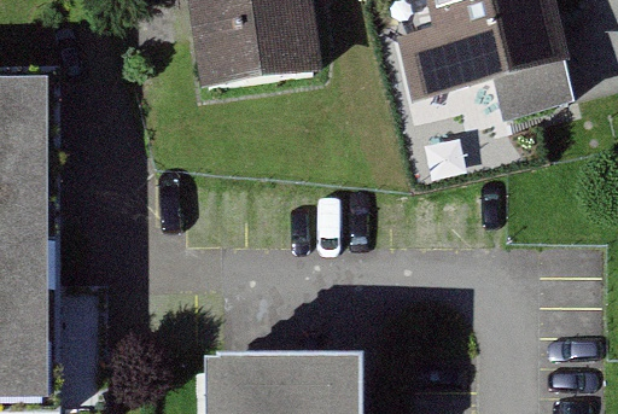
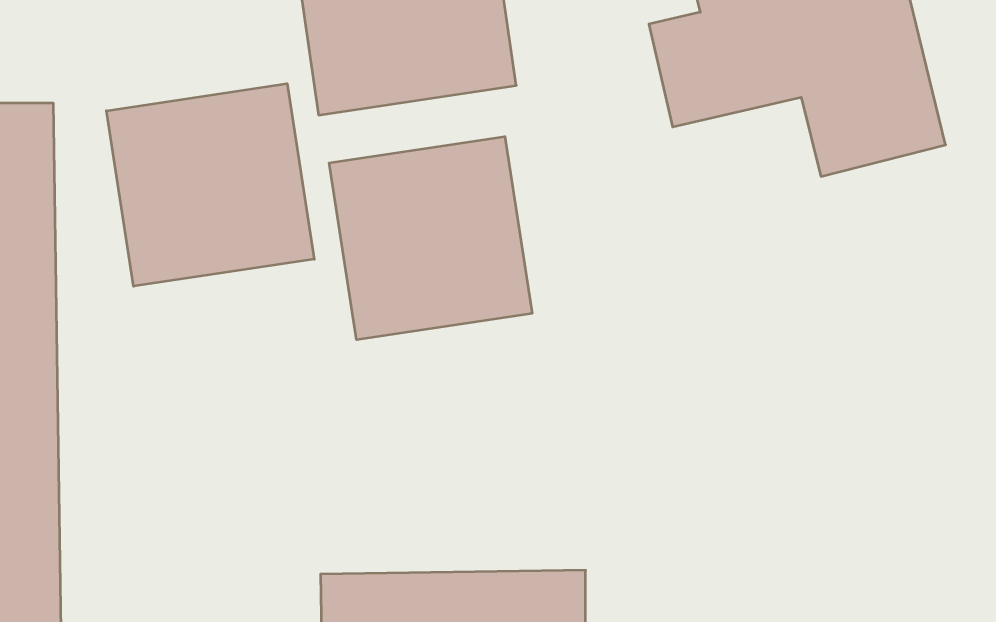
building: none -> [106,84,314,286]
building: none -> [329,137,532,340]

